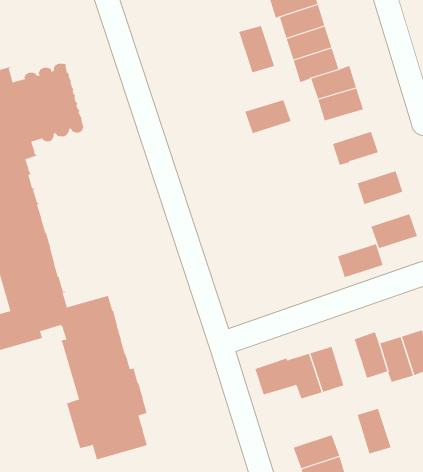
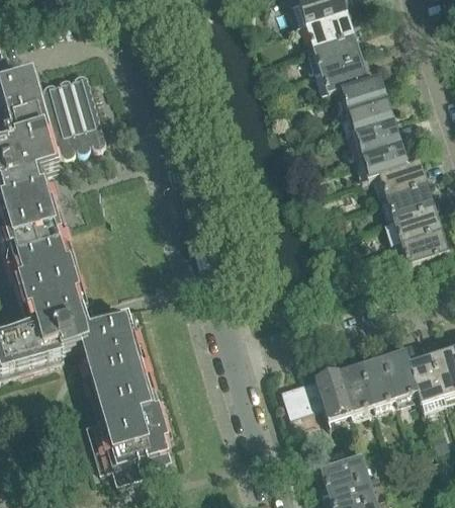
building: [239,25,275,73] -> none
building: [244,100,292,134] -> [352,118,400,154]
building: none -> [378,159,426,194]
building: [337,243,383,278] -> [392,203,440,239]
building: [357,408,391,454] -> [360,355,395,403]

